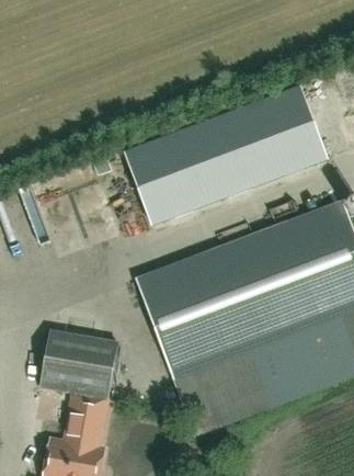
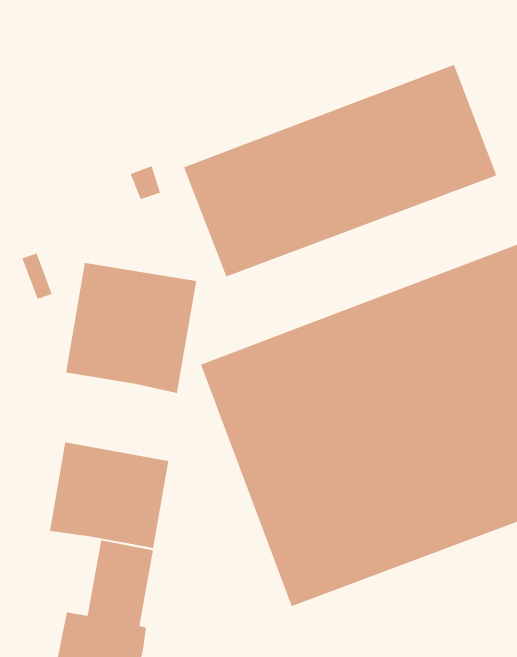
building: none -> [66,262,197,394]

